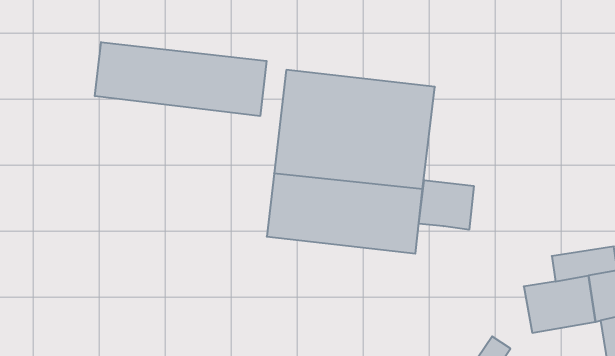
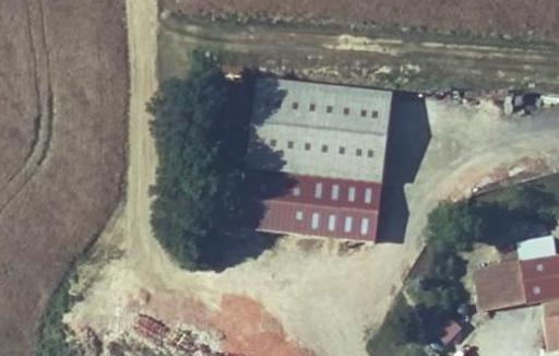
building: [95,42,267,116] -> none
building: [419,180,474,230] -> none

